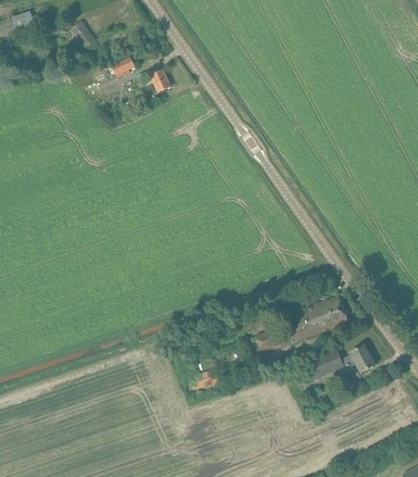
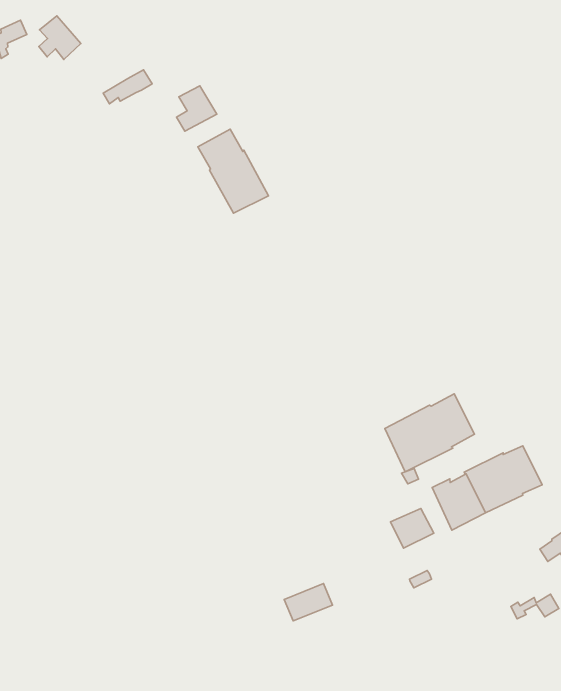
building: none -> [198,129,268,213]
building: none -> [385,394,475,472]
building: [303,350,345,381] -> none

